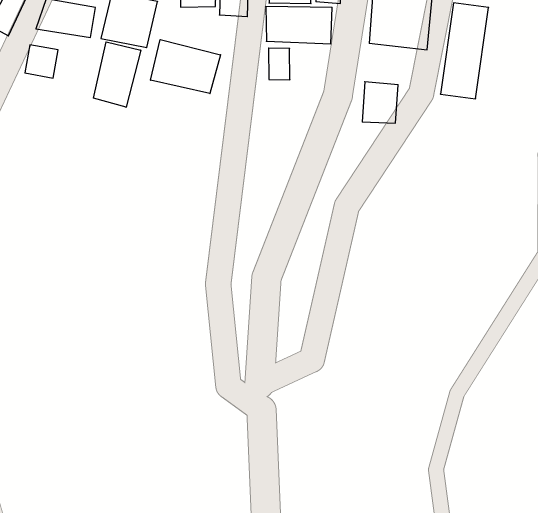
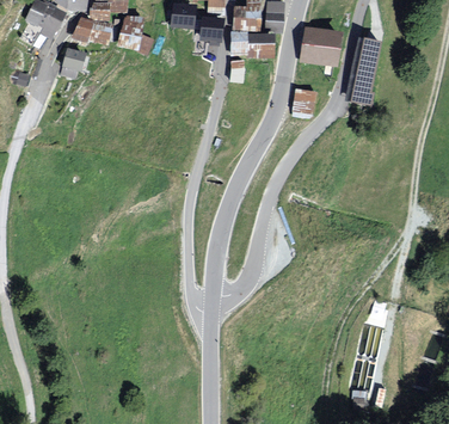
building: [151,40,221,94] -> none
building: [94,42,141,107] -> none

